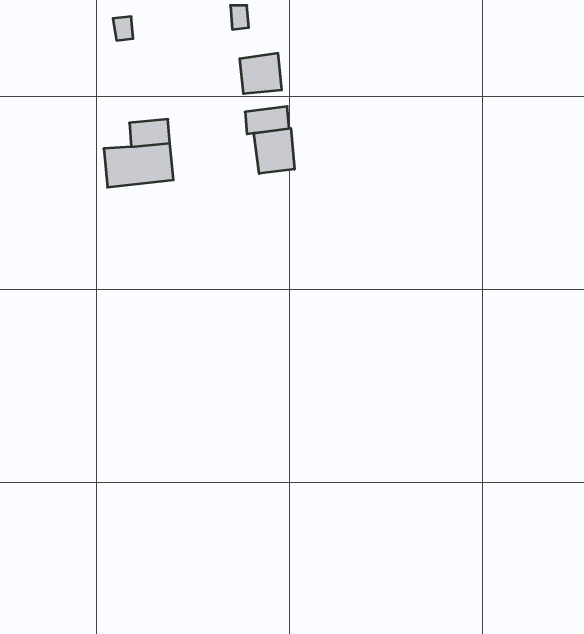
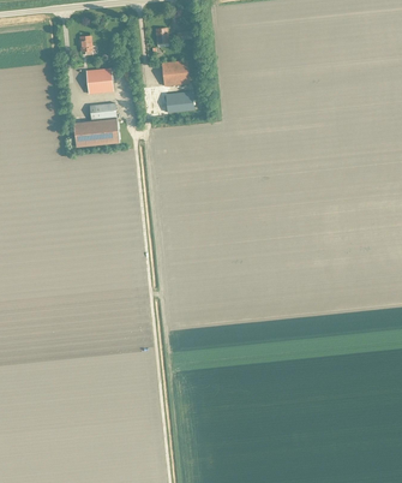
building: none -> [86,68,113,94]
building: [254,128,294,174] -> none

